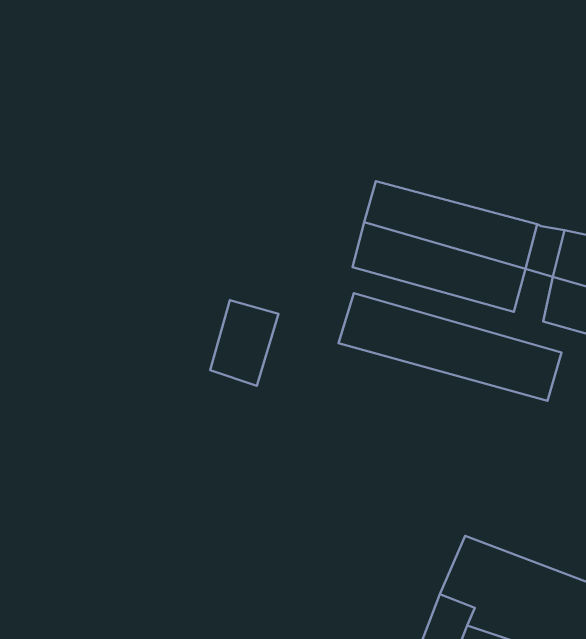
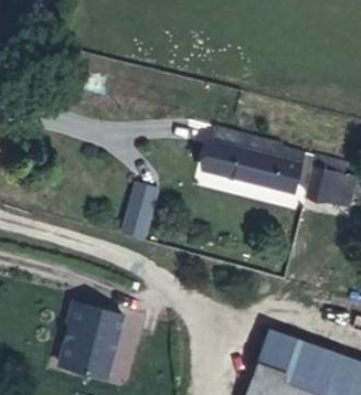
building: [338,293,562,401] -> none
building: none -> [64,305,126,377]

